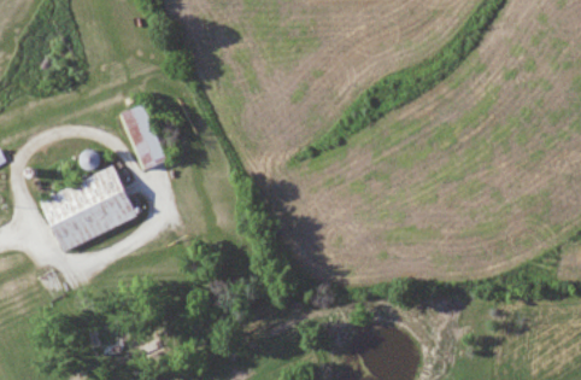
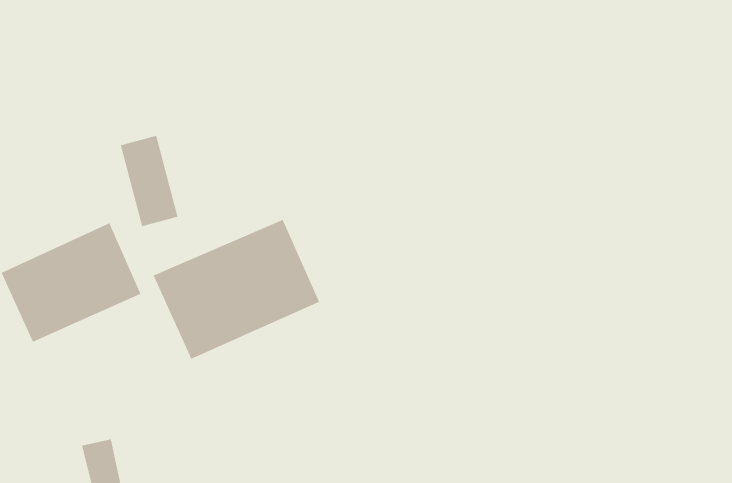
building: none -> [152,219,320,360]

